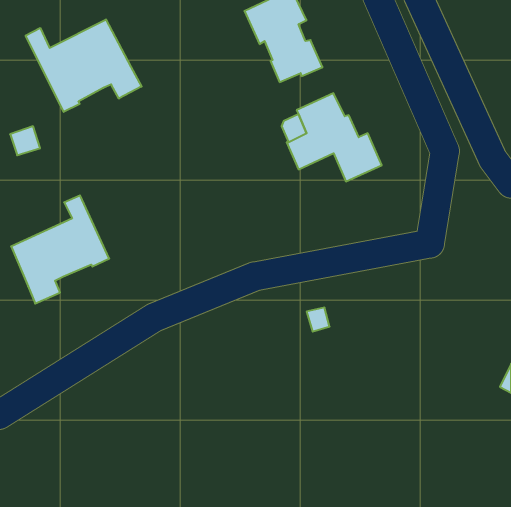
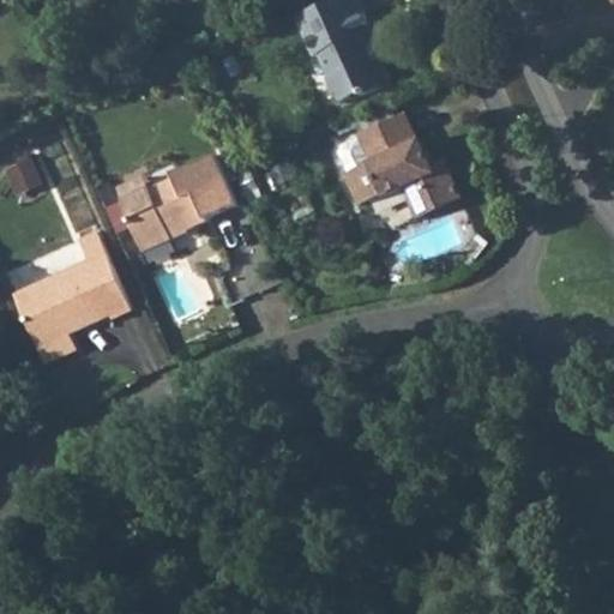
building: [26,19,142,112] -> none
building: none -> [120,155,234,251]

